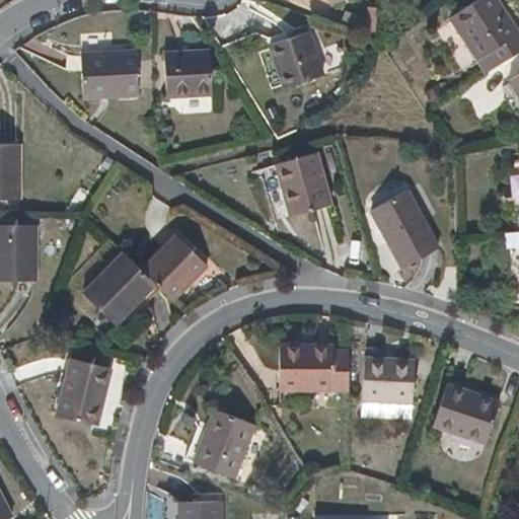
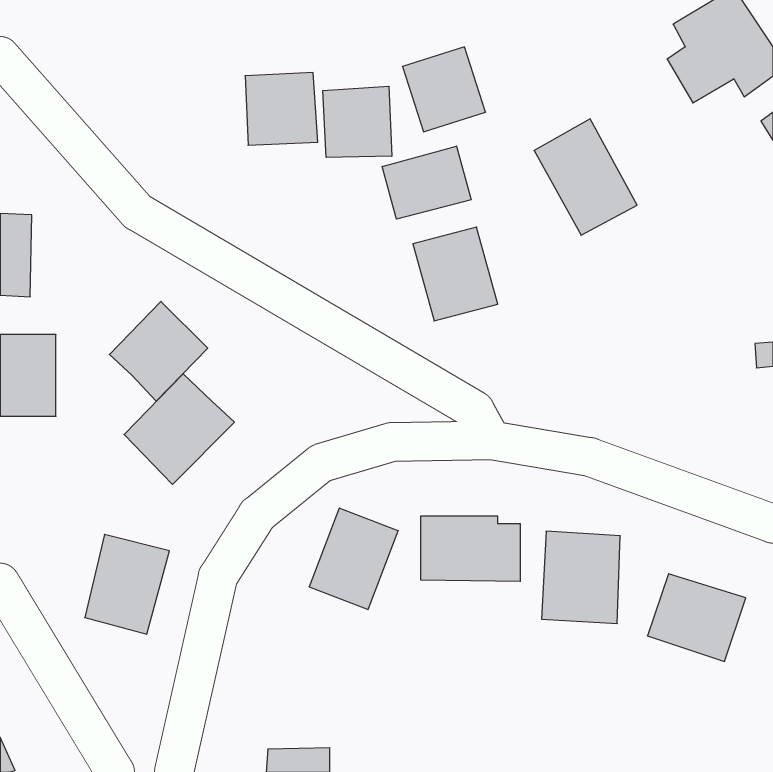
building: [82,53,139,95] -> none
building: none -> [323,86,392,157]
building: none -> [382,146,471,219]
building: [371,190,440,268] -> [534,119,637,235]
building: [142,233,208,300] -> [109,301,208,401]
building: [195,410,254,477] -> [309,508,398,610]

